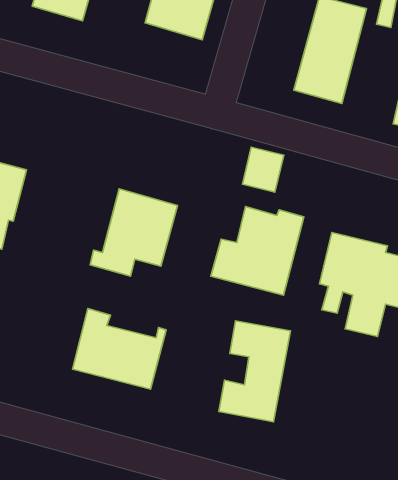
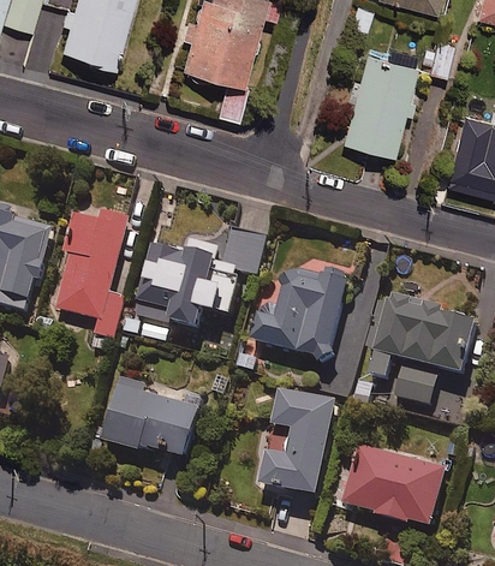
building: [242,147,284,192] -> [222,225,267,273]
building: none -> [52,207,129,336]
building: none -> [341,445,447,529]

